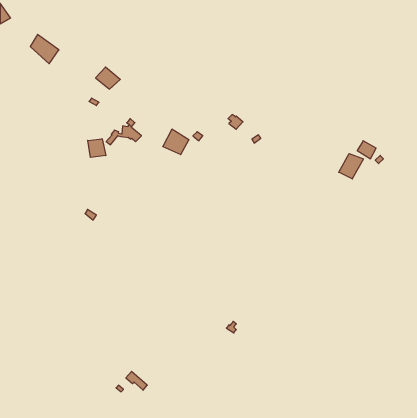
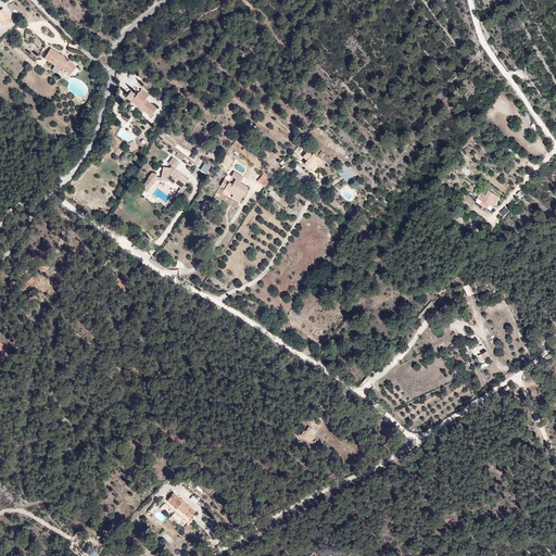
building: [88,139,106,157] -> none
building: [339,154,363,179] -> none

